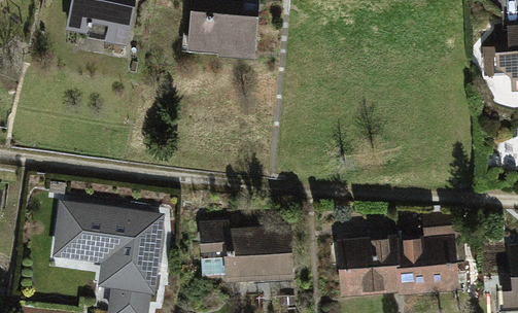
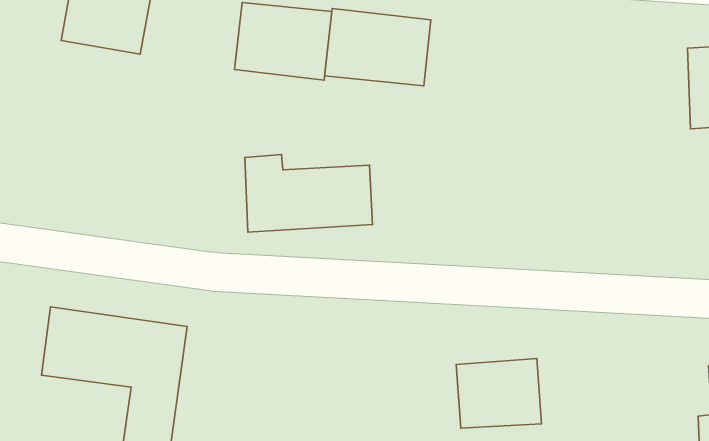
building: none -> [325,8,431,86]
building: [395,217,455,292] -> none
building: [203,227,289,279] -> [245,155,373,232]

